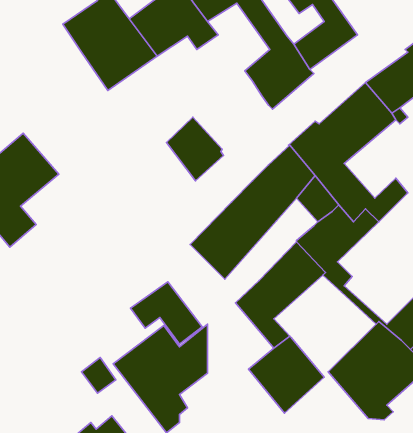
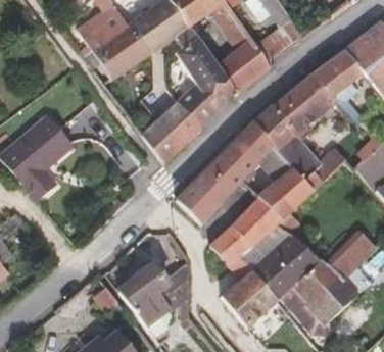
building: none -> [175,37,236,124]
building: none -> [141,119,180,163]
building: none -> [253,235,319,300]

